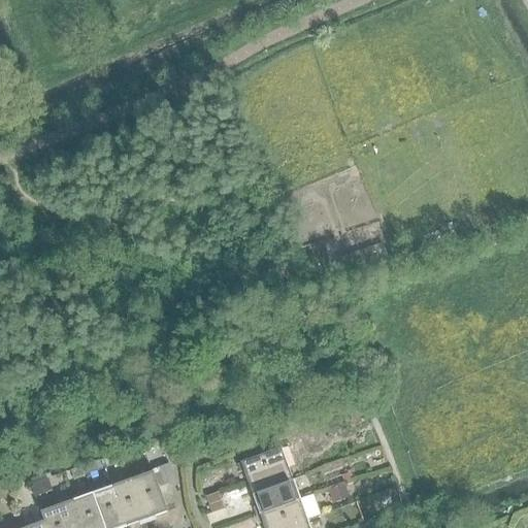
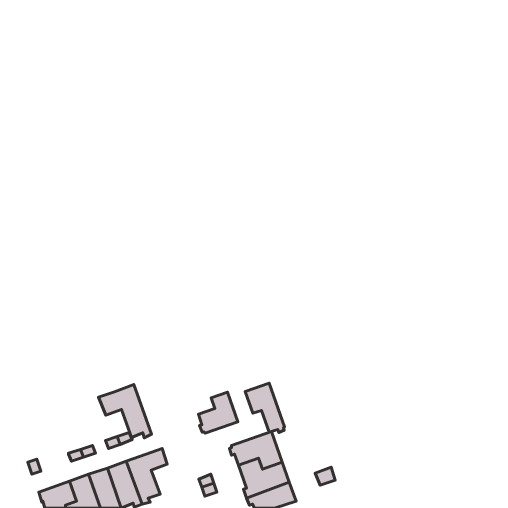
building: none -> [245,383,285,433]
building: none -> [99,384,152,438]
building: none -> [198,392,238,433]

